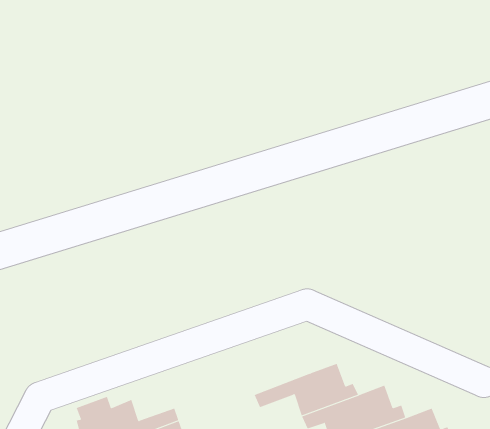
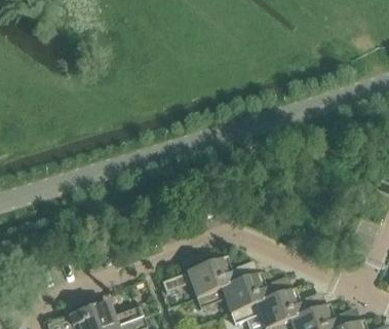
building: none -> [161,258,236,297]

